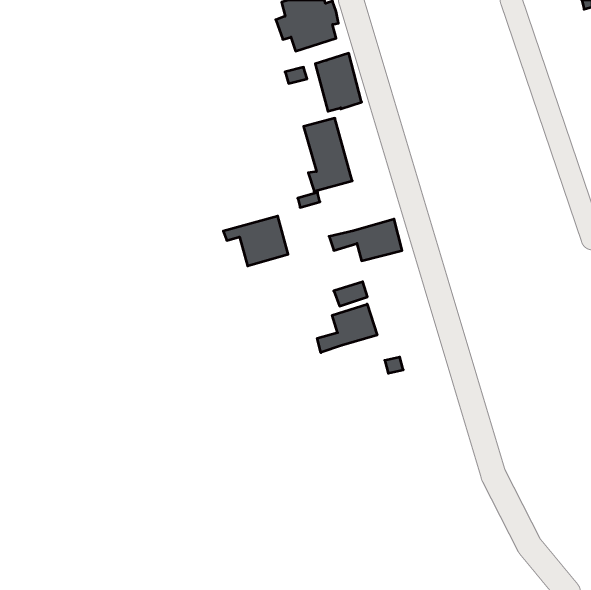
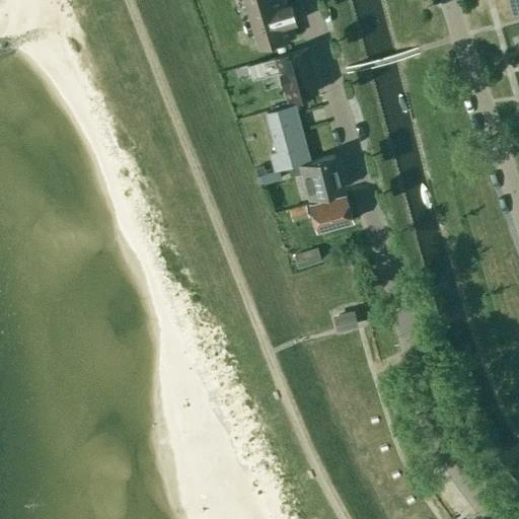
building: [223,216,288,266] -> [288,155,345,199]
building: [317,304,377,353] -> none

